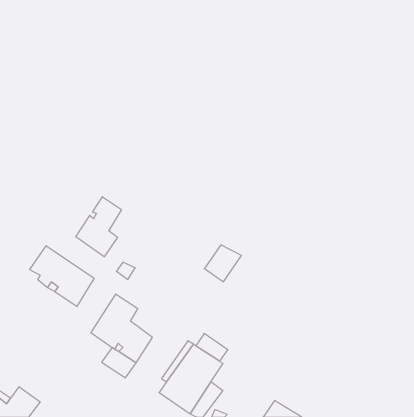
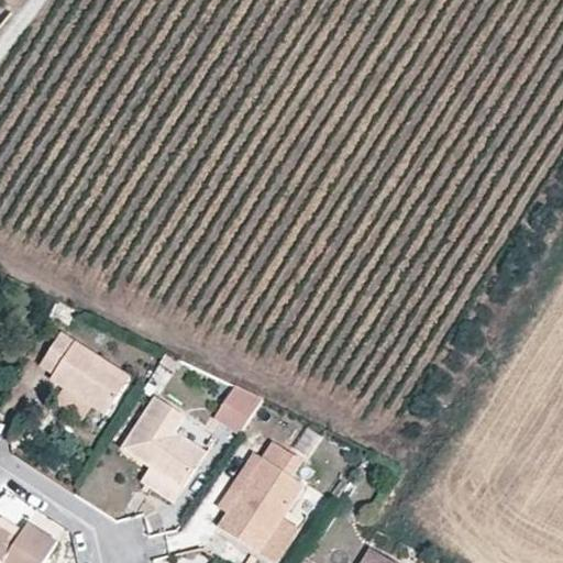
building: [76,197,121,257] -> none
building: [204,245,241,282] -> [213,387,263,437]

